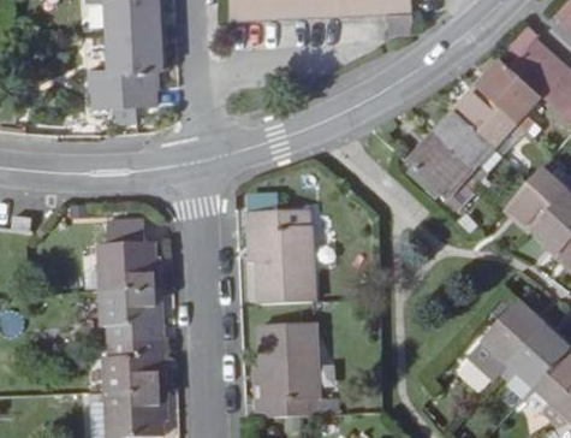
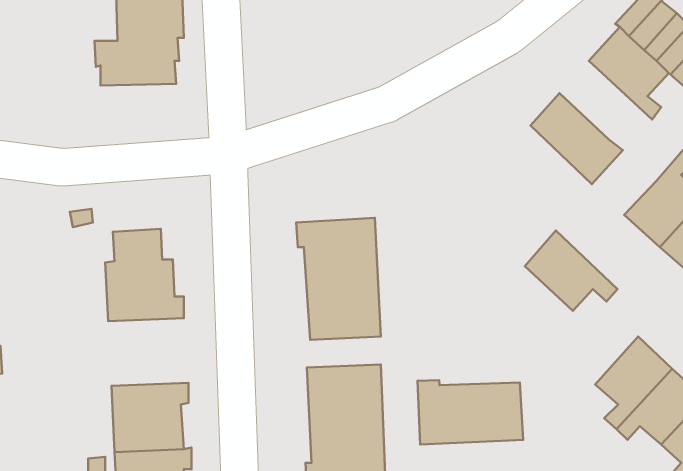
building: [454,88,527,149] -> none
building: [408,138,480,201] -> [525,231,617,311]
building: [102,290,165,342] -> none
building: none -> [418,380,523,445]

